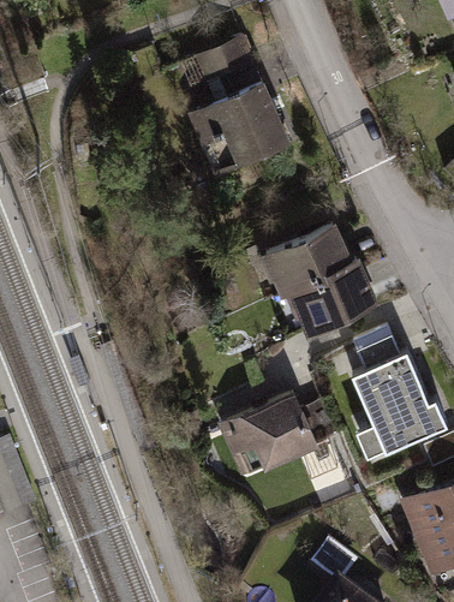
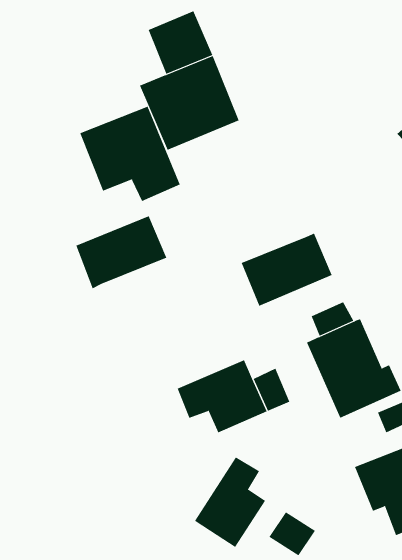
building: none -> [80,106,180,202]
building: [261,227,352,300] -> [75,215,167,289]
building: none -> [194,456,266,548]

